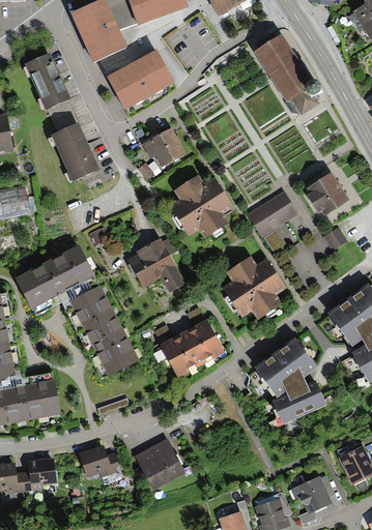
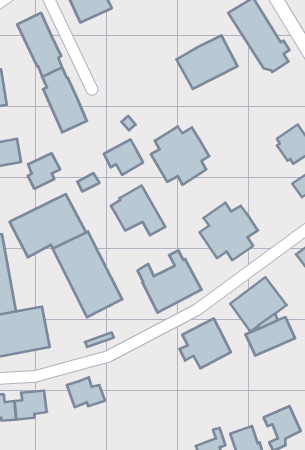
building: [108,50,174,108] -> [176,35,238,89]
building: [142,127,184,166] -> [104,140,143,175]
building: [247,189,299,237] -> none
building: none -> [28,153,60,189]
building: [132,437,188,491] -> [179,319,231,368]

